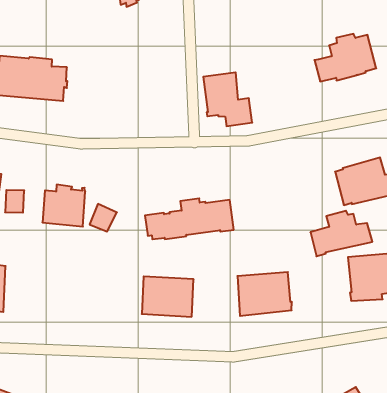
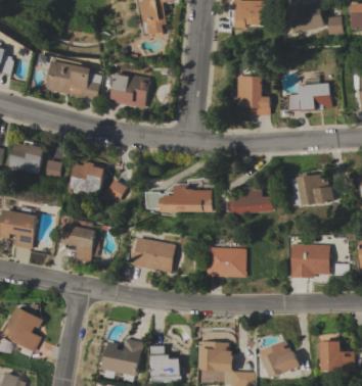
building: none -> [109,74,148,108]
building: [203,72,252,126] -> [237,77,270,115]
building: [310,211,372,256] -> [227,186,272,216]
building: none -> [61,225,96,262]

